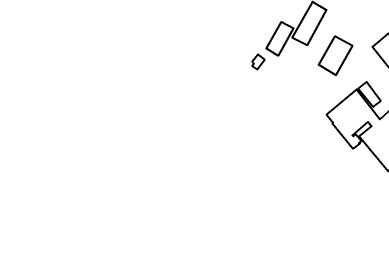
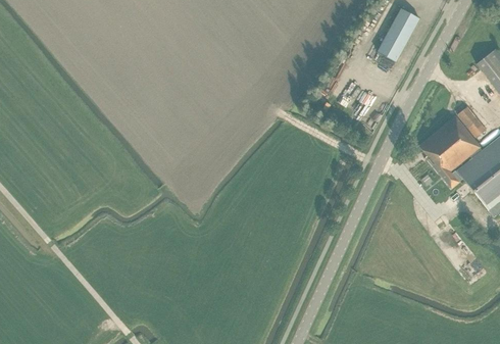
building: [266,22,294,56] -> none
building: [319,36,352,75] -> none

